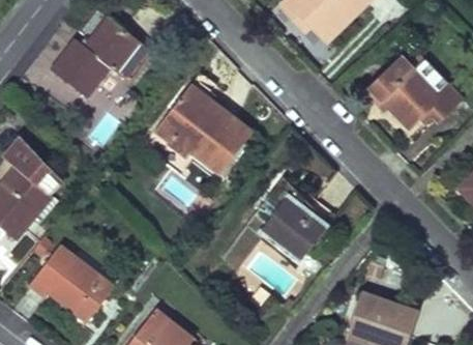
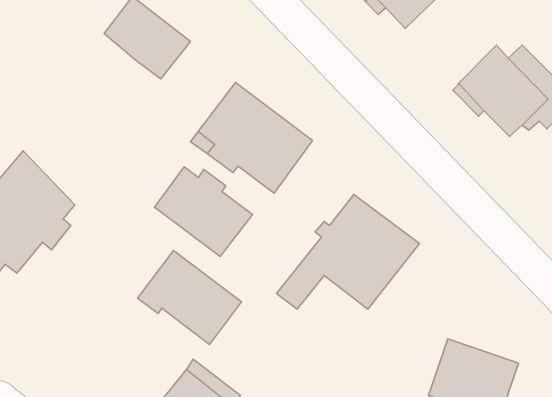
building: [51,37,111,97] -> none
building: none -> [154,167,253,256]
building: [30,246,114,321] -> [137,250,242,344]

